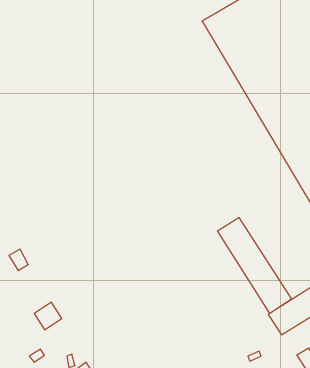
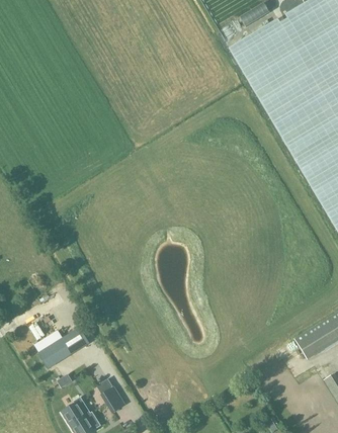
building: [218,218,292,313] -> none
building: none -> [39,338,72,368]

